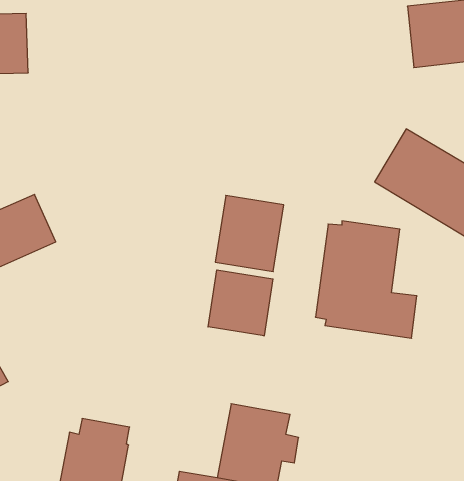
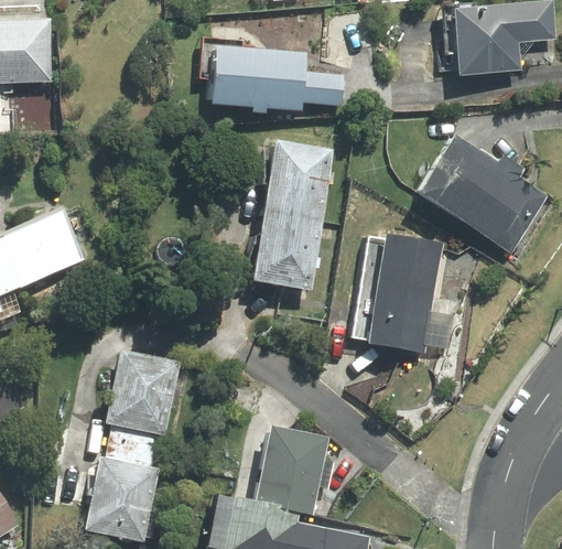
building: none -> [201,36,346,112]
building: none -> [261,141,332,218]
building: [208,270,273,336] -> none
building: none -> [106,348,182,450]

